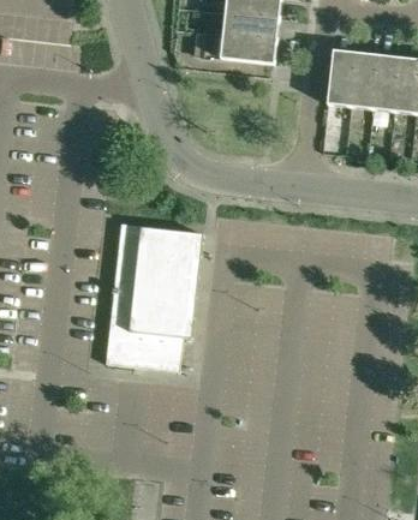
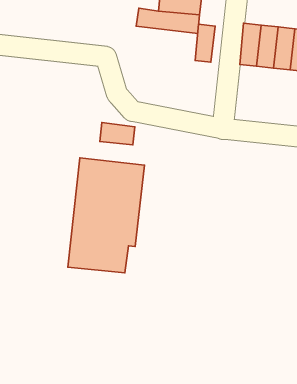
building: none -> [195,24,215,62]
building: none -> [100,123,135,145]

